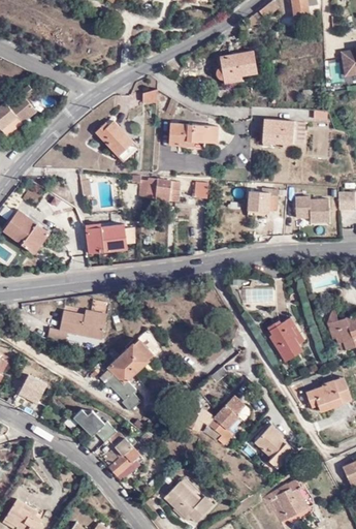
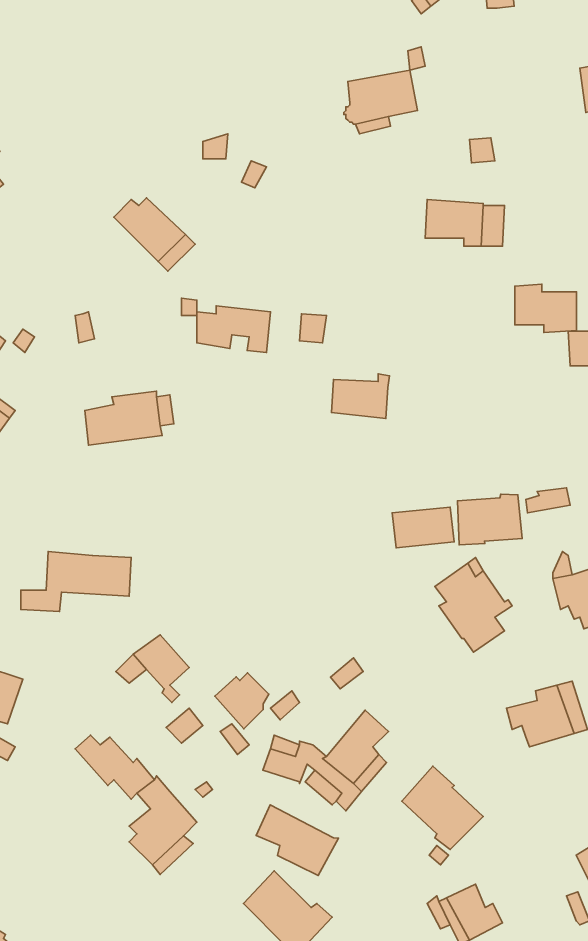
building: [169,123,217,146] -> none
building: [248,189,279,213] -> [332,374,390,418]
building: [296,196,329,222] -> [515,284,577,333]
building: none -> [457,494,522,545]
building: [121,341,150,371] -> [215,673,269,729]
building: none -> [256,805,338,876]

